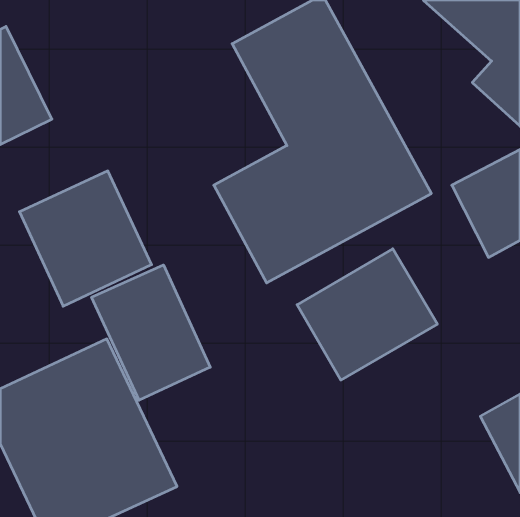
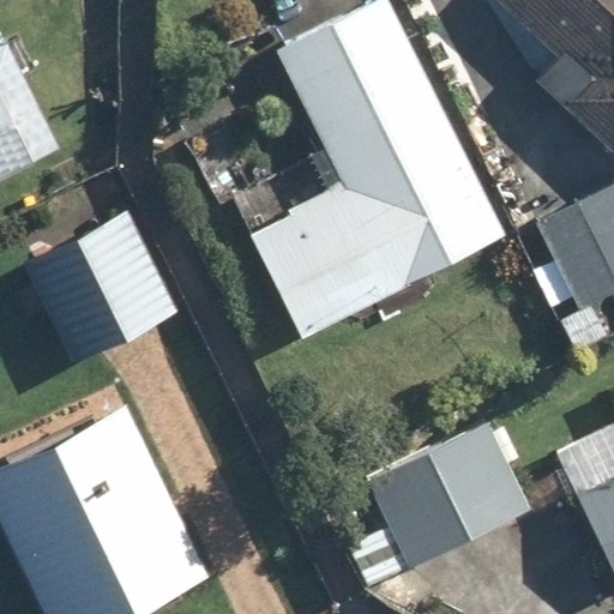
building: [297,249,437,380] -> [366,420,531,574]
building: [92,265,210,400] -> none

